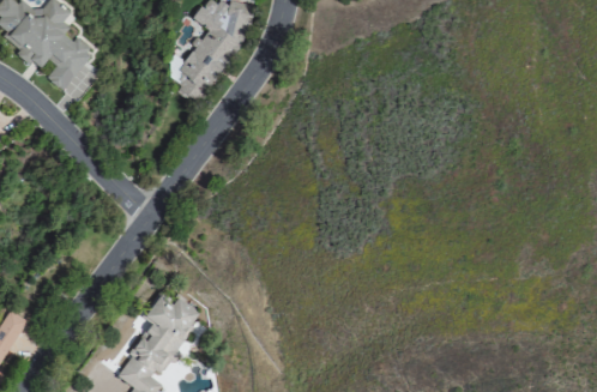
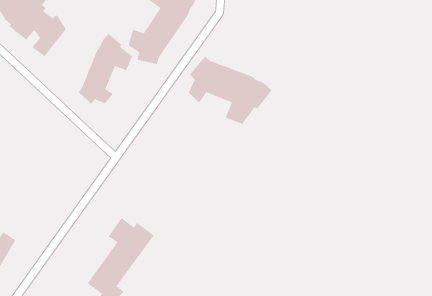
building: none -> [78,33,133,104]
building: none -> [188,56,272,125]

